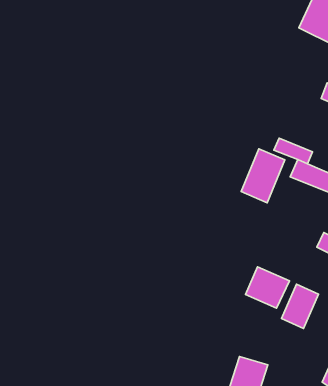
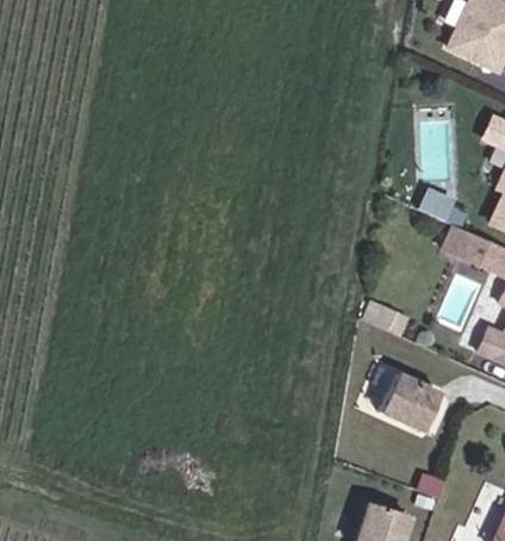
building: [241,149,285,203] -> none
building: [282,284,318,328] -> none

